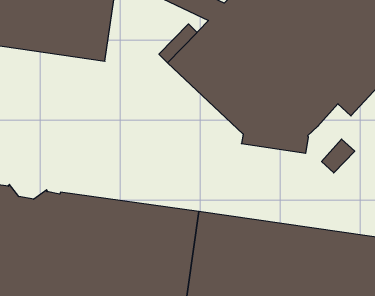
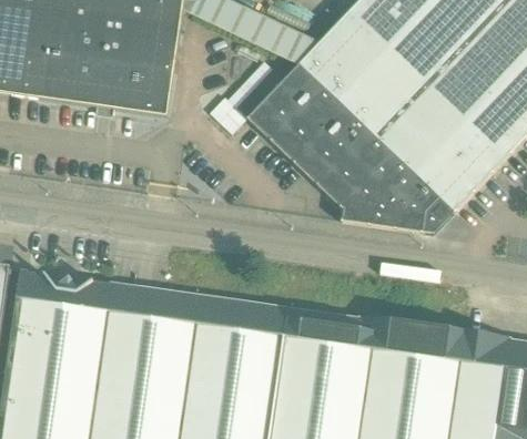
building: [322,139,355,173] -> [438,169,480,212]

